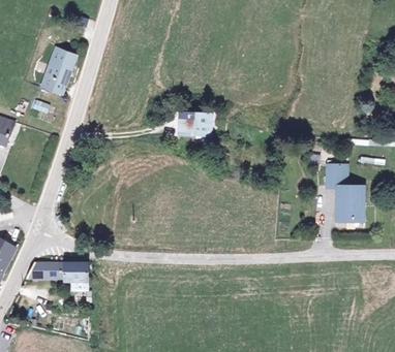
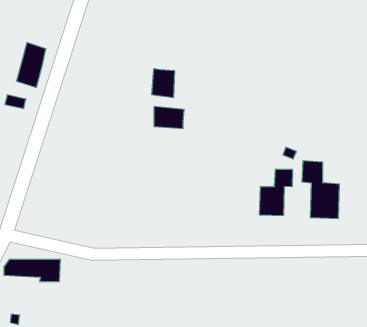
building: none -> [152,69,174,98]
building: none -> [260,169,292,216]

